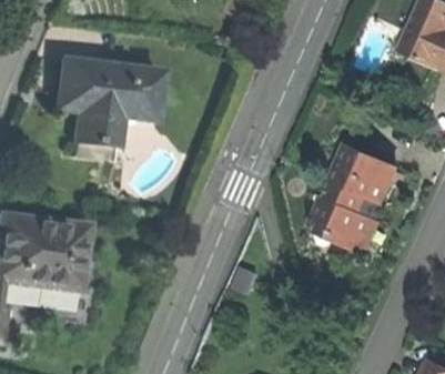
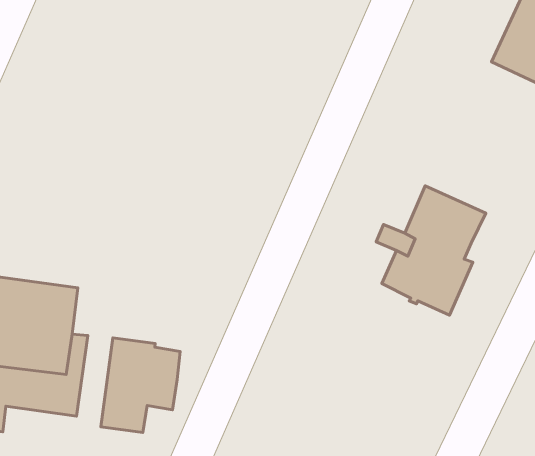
building: [48,57,152,159] -> none
building: none -> [101,338,180,432]

